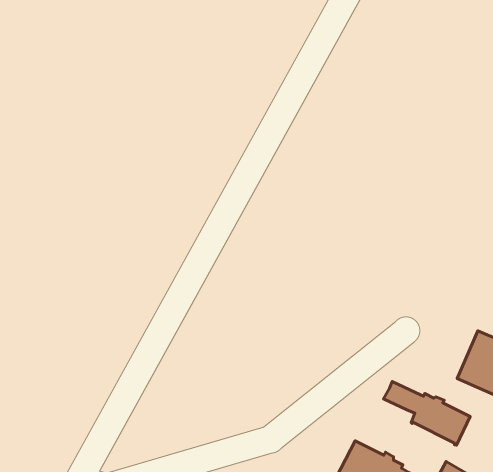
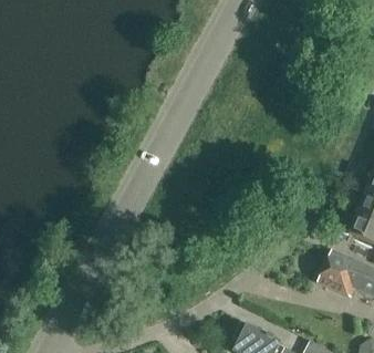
building: [384,382,470,445] -> none

